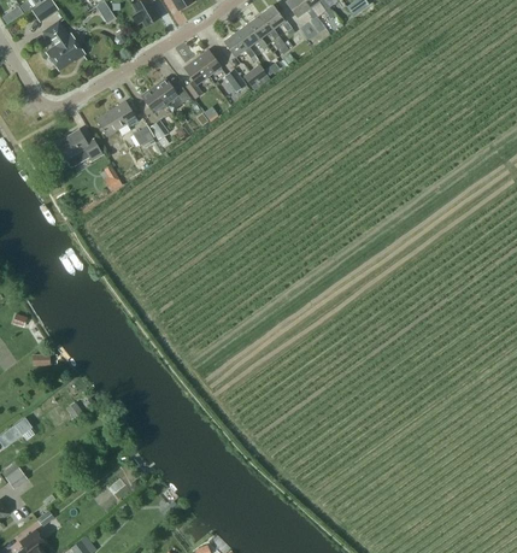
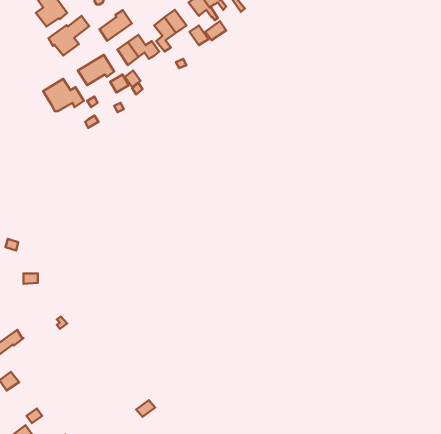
building: none -> [100,10,132,41]
building: none -> [48,16,89,55]

